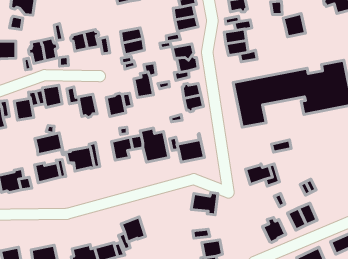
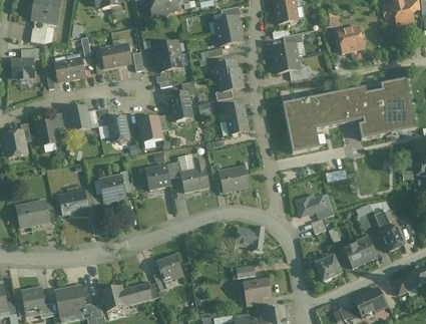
building: [35,133,64,155] -> none
building: none -> [373,209,404,251]

